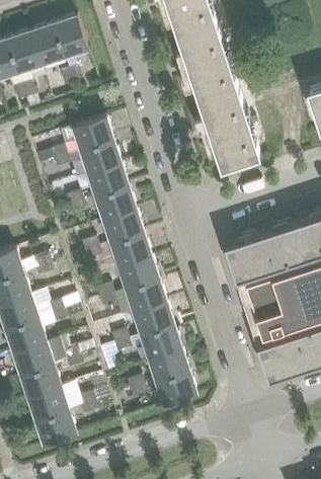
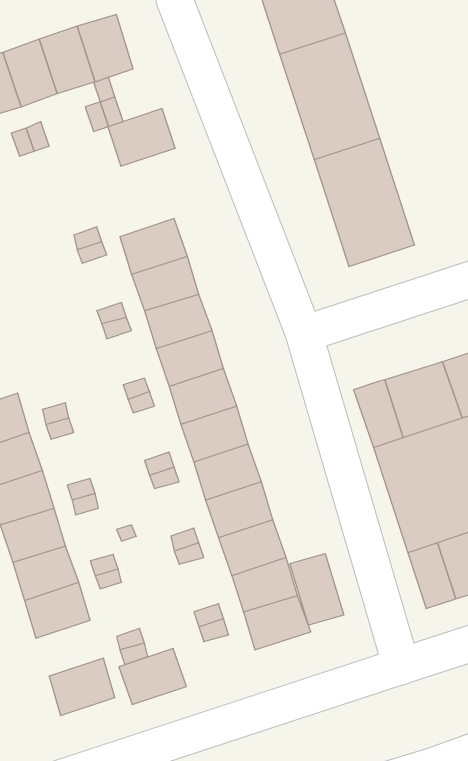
building: [71,117,112,153] -> [108,109,175,166]
building: none -> [290,554,344,625]
building: [27,389,69,423] -> [119,649,186,705]

